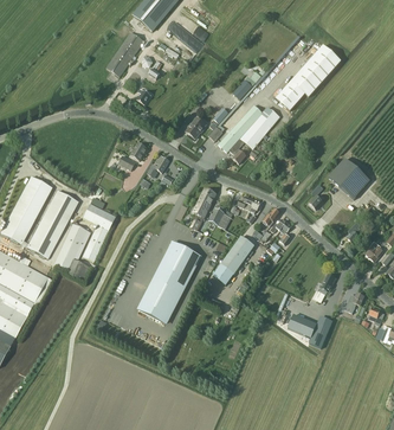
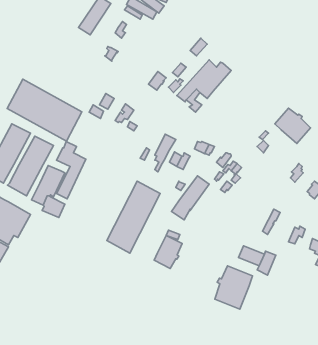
building: [276,45,341,110] -> none
building: none -> [7,79,82,141]
building: none -> [154,235,182,268]
building: none -> [215,266,252,309]

